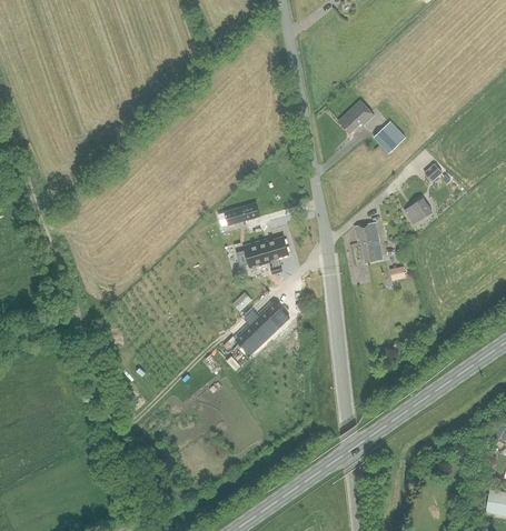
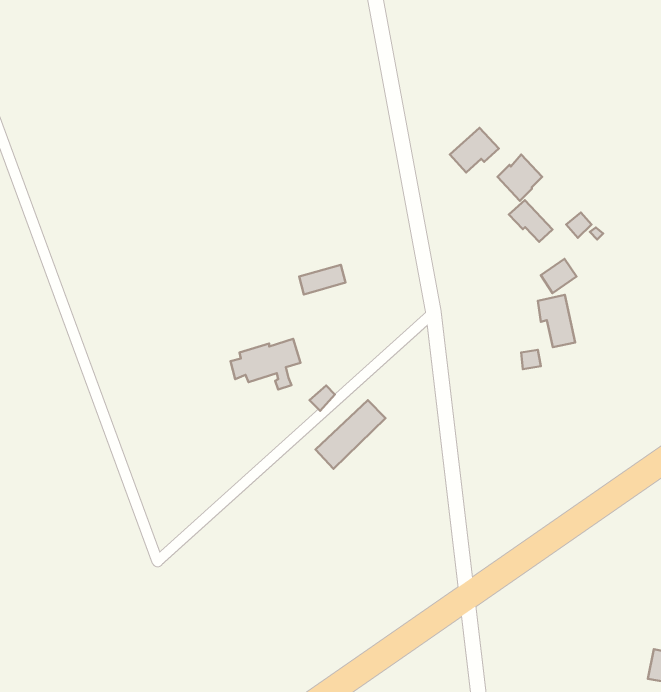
building: none -> [509,200,553,242]
building: [355,222,383,261] -> [538,295,575,347]
building: [237,236,289,273] -> [231,339,301,390]

